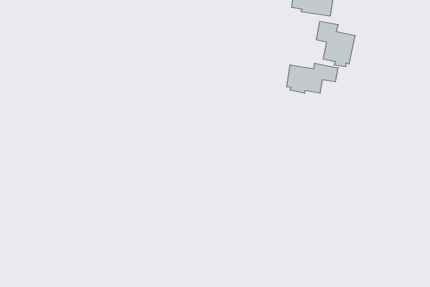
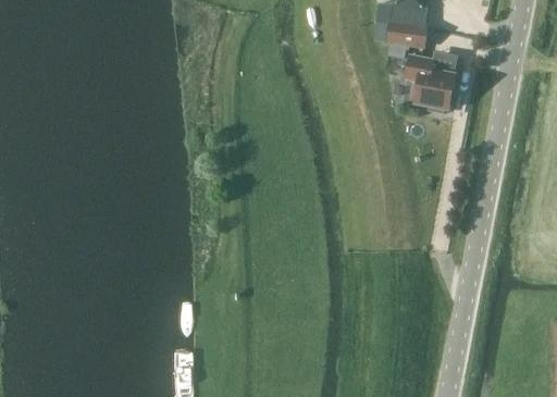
building: [287,63,338,93] -> none

